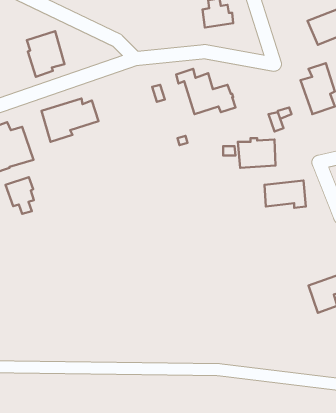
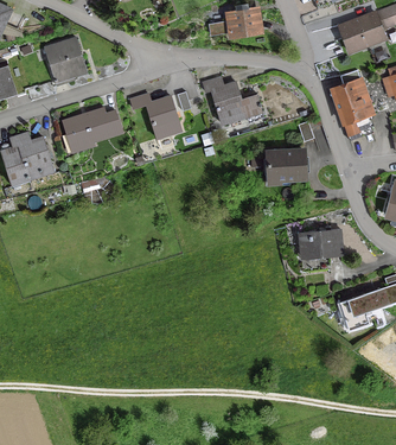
building: none -> [129,94,180,139]
building: [6,177,34,214] -> none
building: [265,180,306,208] -> [299,229,341,258]

